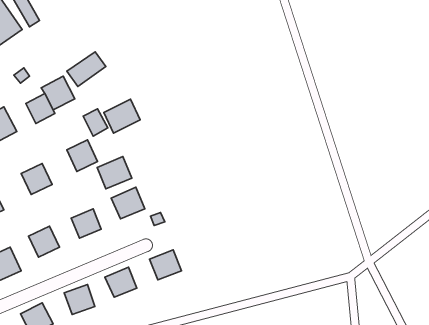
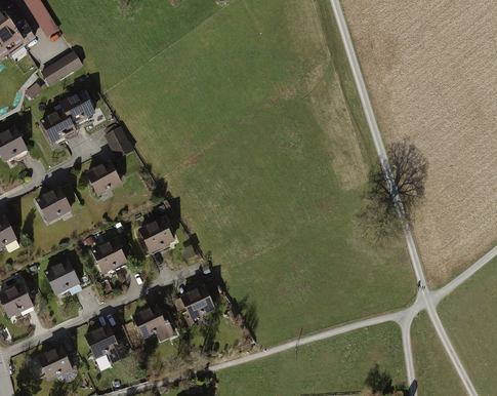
building: [67,52,106,87] -> [39,50,83,89]
building: [104,99,140,133] -> none
building: [97,157,132,189] -> none

